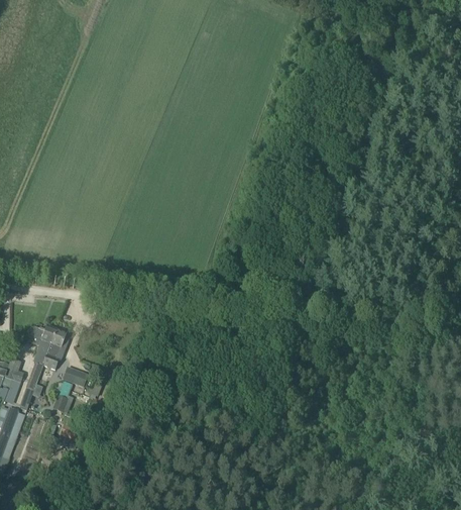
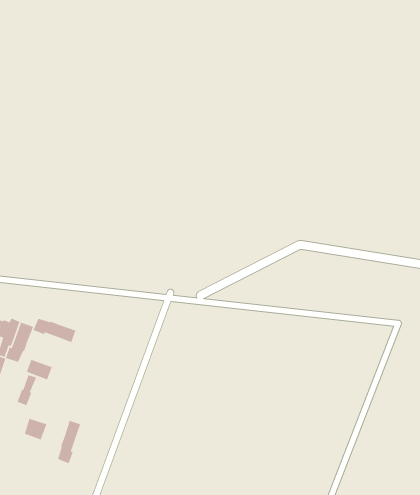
building: none -> [33,318,77,343]
building: none -> [57,420,81,464]

